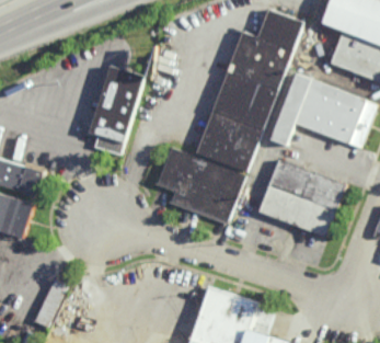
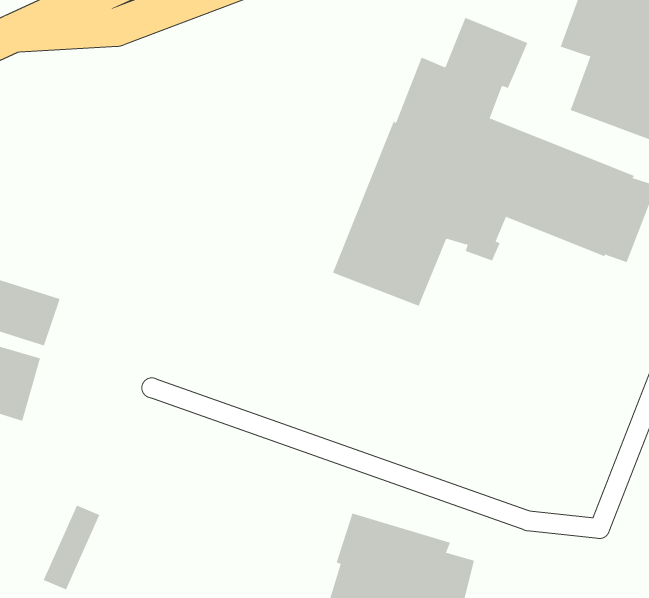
building: [88,62,143,156] -> none
building: [152,147,243,226] -> none
building: [258,160,345,235] -> none

